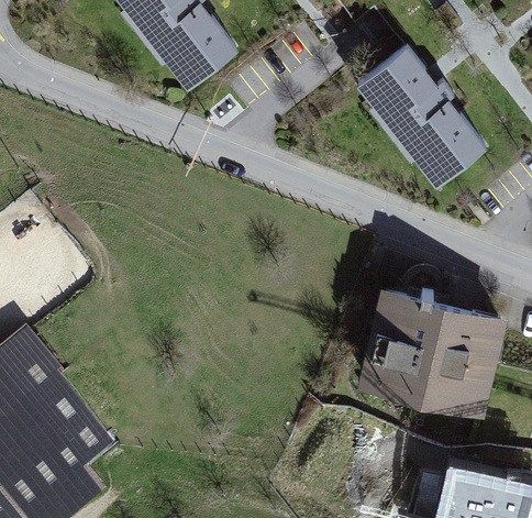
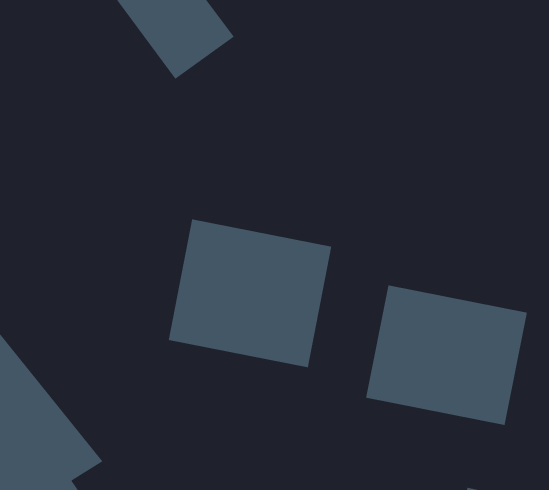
building: [358,48,486,187] -> none
building: none -> [168,218,332,368]

